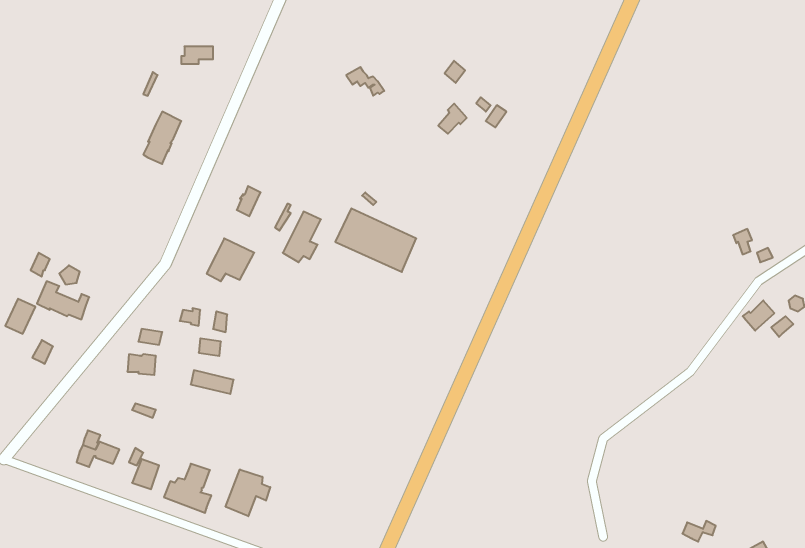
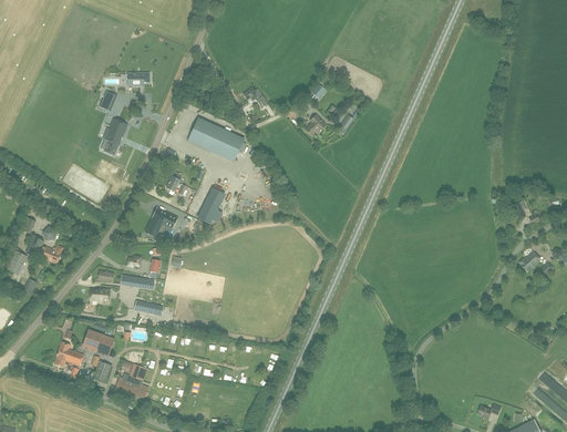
building: [335,208,416,272] -> [187,116,244,161]
building: none -> [83,329,114,353]
building: [226,469,270,516] -> none

